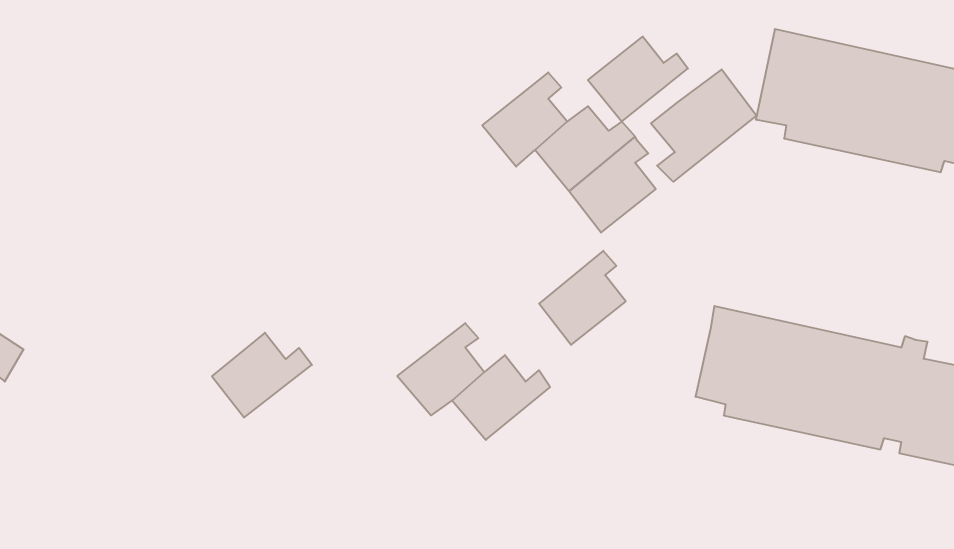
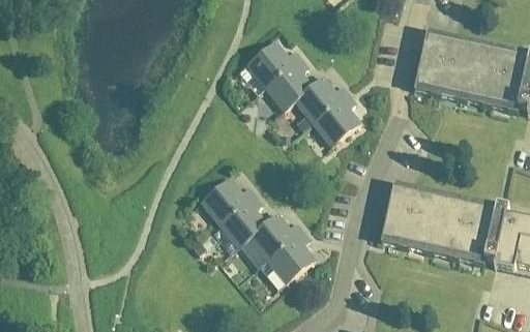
building: [588,37,688,121] -> [246,39,301,86]
building: [651,69,757,182] -> none
building: [539,251,626,345] -> [267,230,315,281]
building: [212,333,312,418] -> [201,177,256,223]

